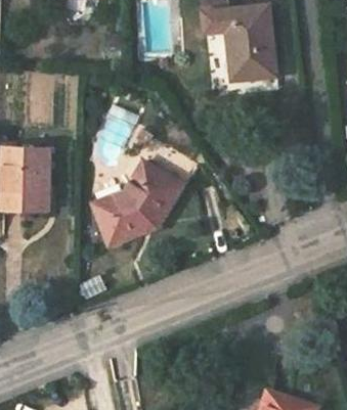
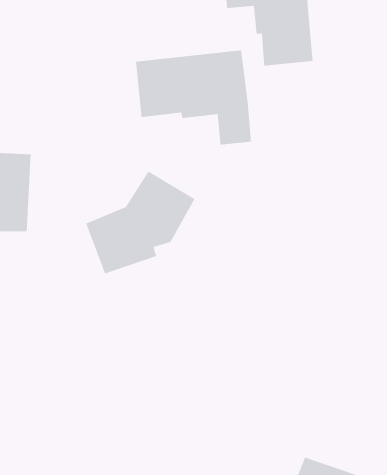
building: none -> [135,49,252,145]

